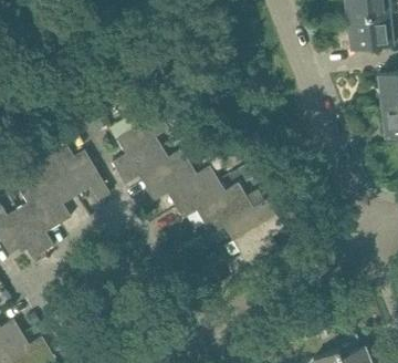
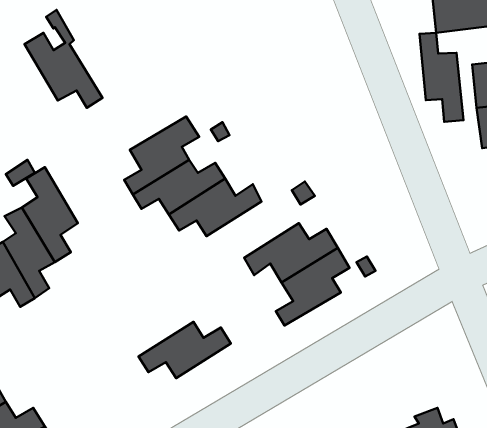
building: none -> [420,33,464,122]
building: [51,125,111,200] -> [25,10,103,108]
building: [175,178,245,221] -> [139,322,231,378]

